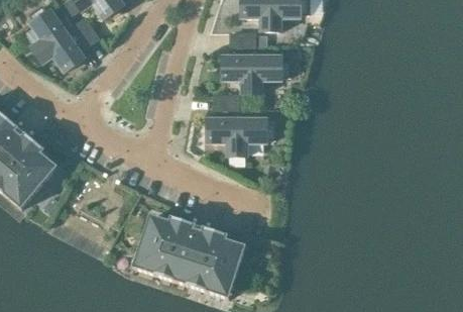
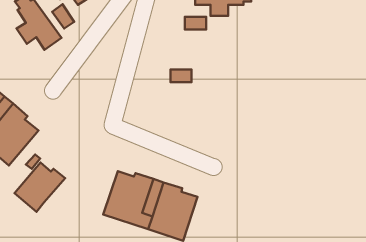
building: [223,56,291,93] -> none
building: [208,118,275,155] -> none
building: none -> [15,162,65,212]

